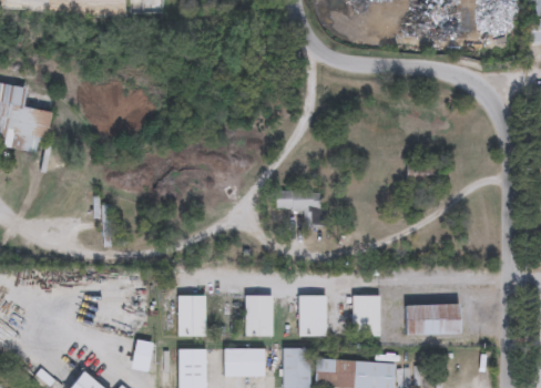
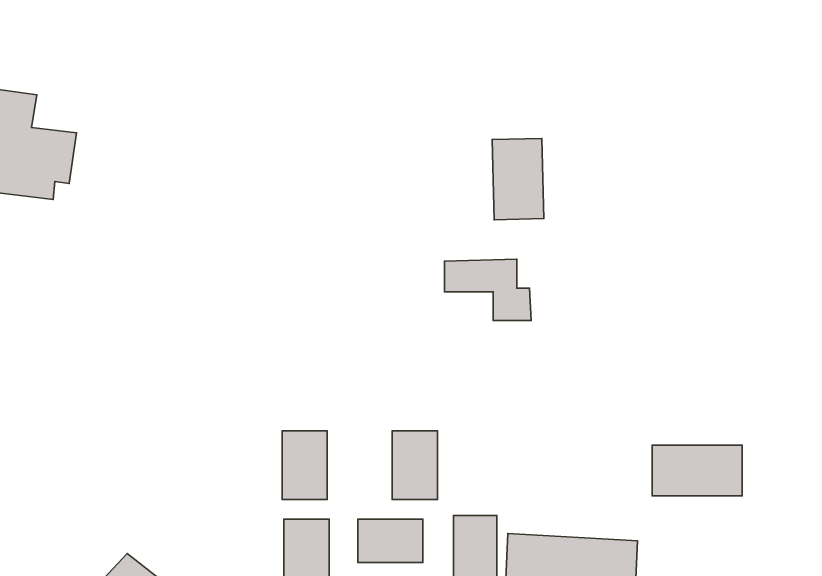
building: none -> [492,138,544,220]
building: [298,295,326,337] -> none
building: [353,296,380,337] -> none
building: [132,340,152,370] -> none

